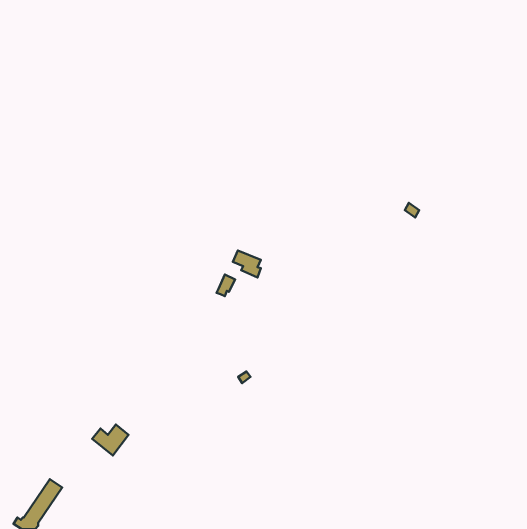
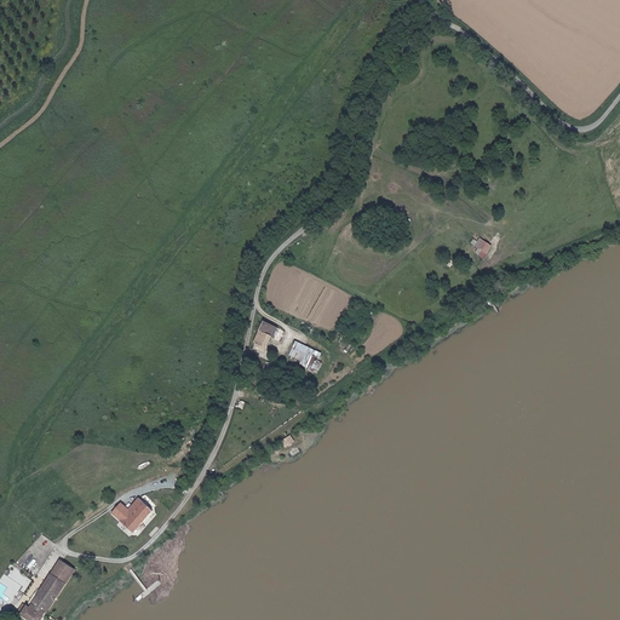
building: [233,250,261,277] -> [287,341,320,373]

